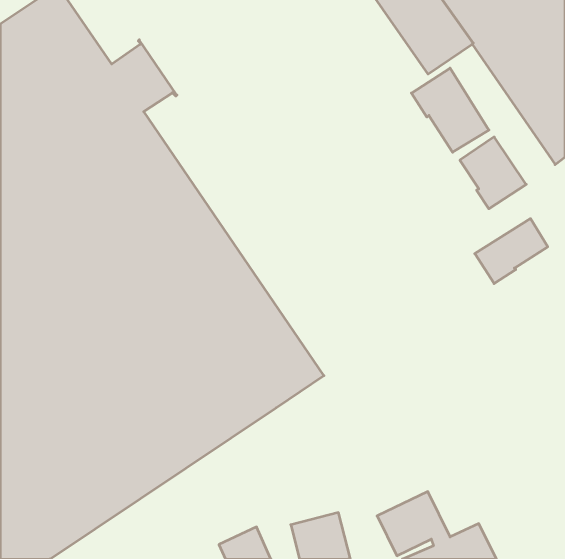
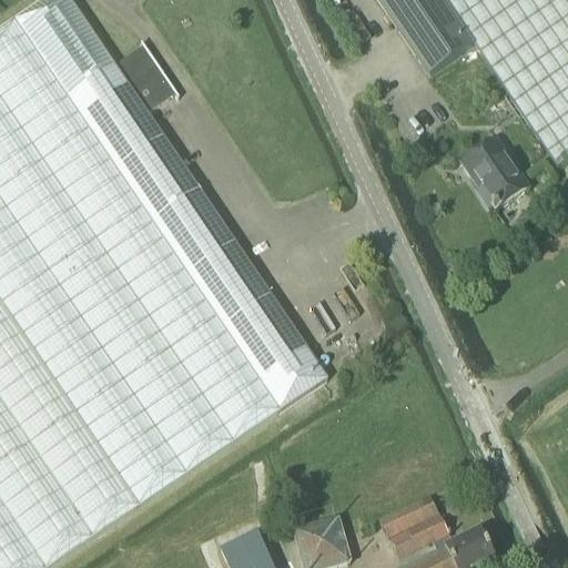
building: [411,68,489,152] -> none
building: [475,219,548,284] -> none

